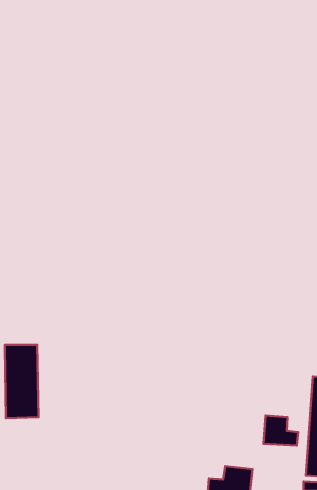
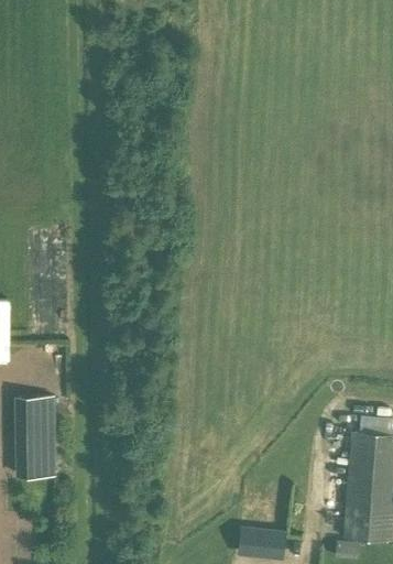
building: [264,416,298,446] -> none

